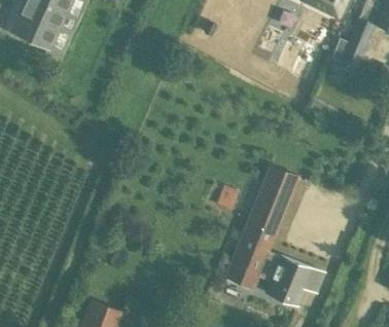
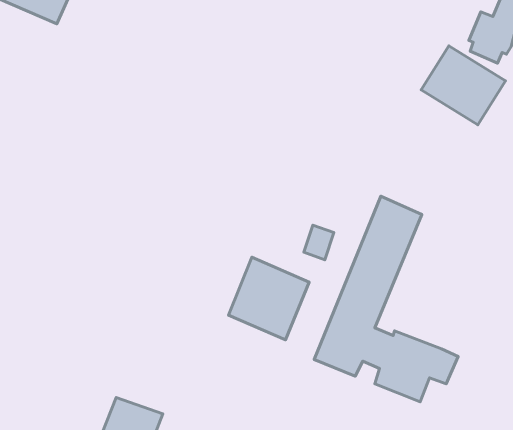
building: none -> [421,46,505,125]
building: none -> [228,257,309,340]

